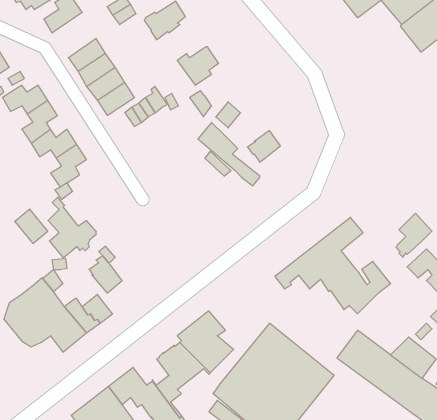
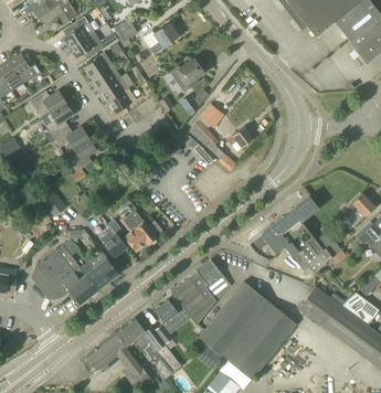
building: none -> [70,32,118,59]
building: [48,197,96,258] -> [123,202,161,251]
building: none -> [195,259,231,302]

